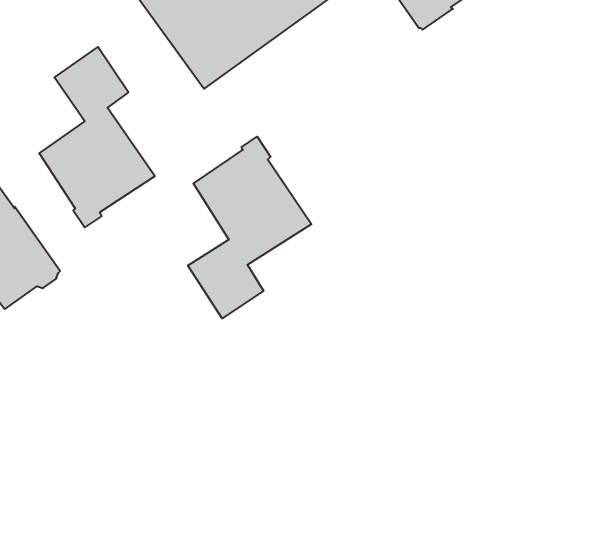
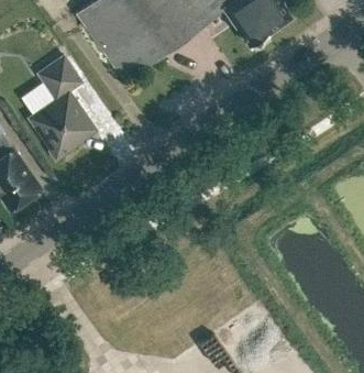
building: [188,137,311,318] -> none

